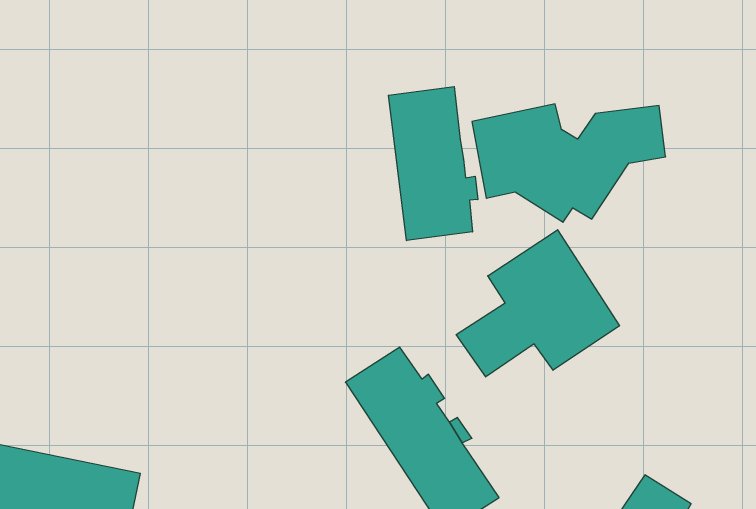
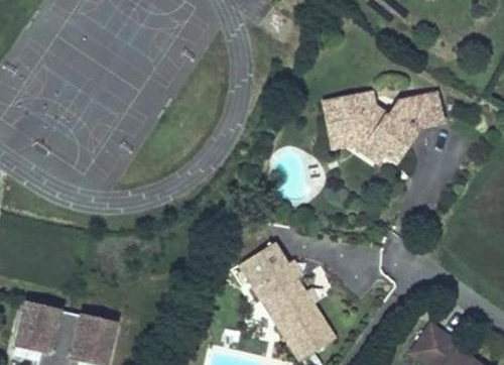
building: [388,87,478,241] -> none
building: [456,230,620,377] -> none

